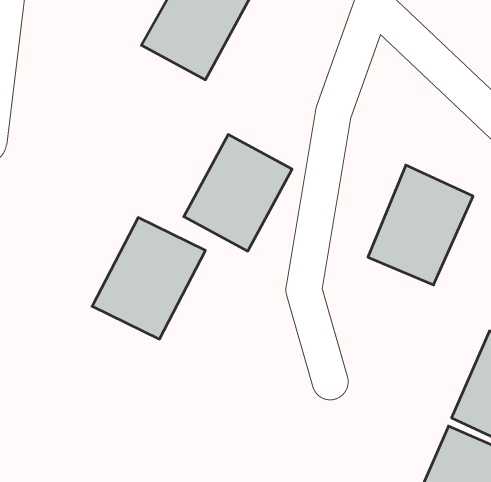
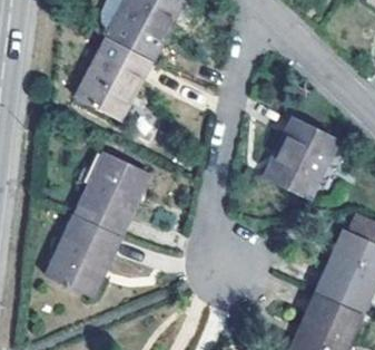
building: [184,135,292,251] -> [75,41,148,120]
building: none -> [43,212,119,294]

